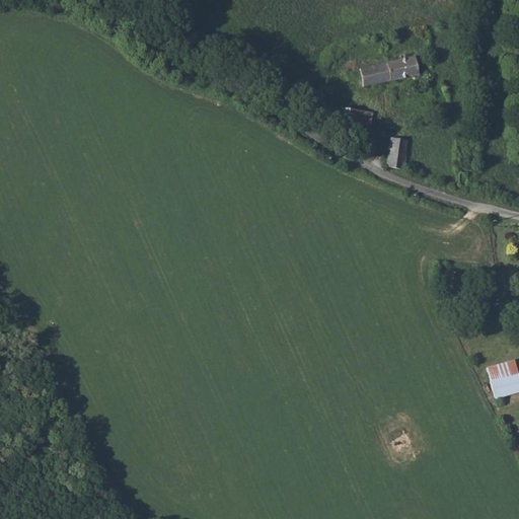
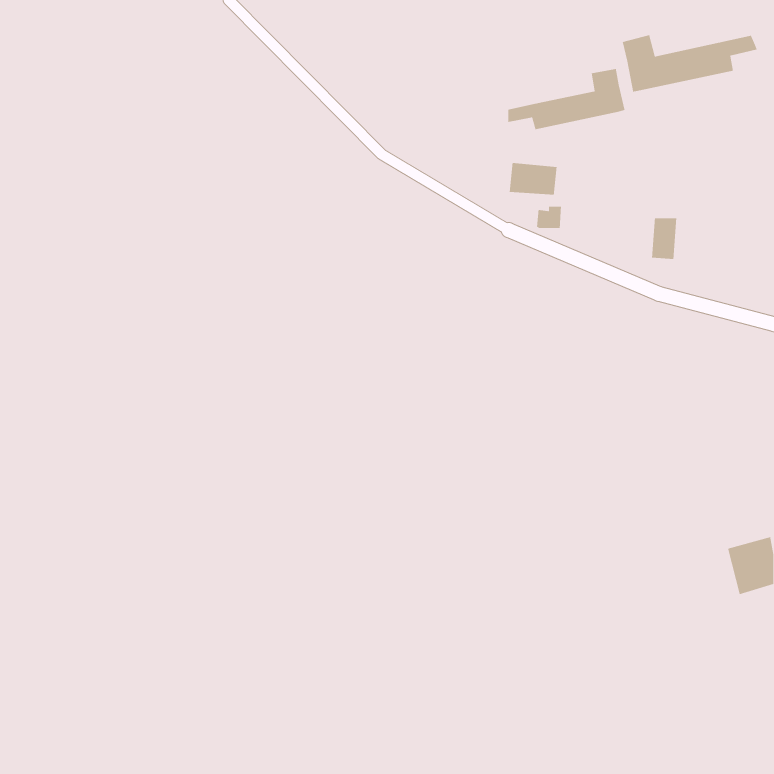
building: none -> [622,34,758,92]
building: [390,137,407,165] -> [651,217,677,260]

